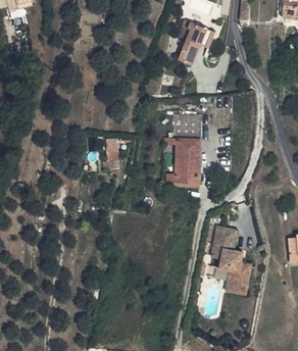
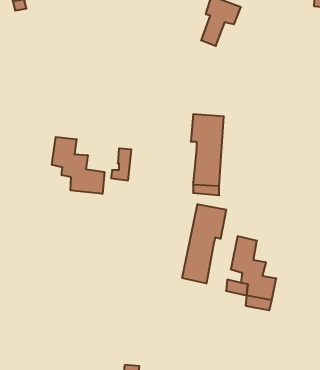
building: none -> [52,137,104,194]
building: none -> [182,204,226,284]

